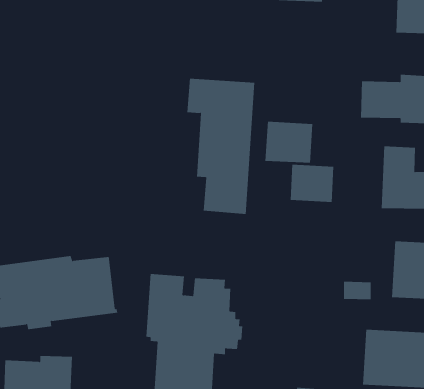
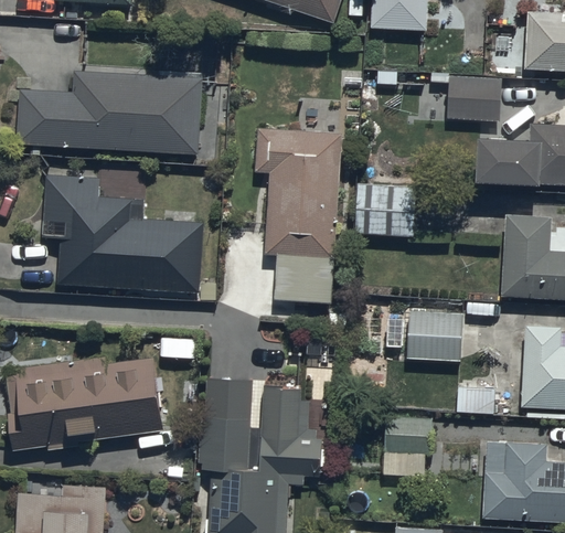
building: none -> [18,71,202,154]
building: none -> [431,74,501,122]
building: none -> [43,174,217,302]
building: [290,164,334,203] -> [405,313,462,363]
building: none -> [387,417,433,477]

